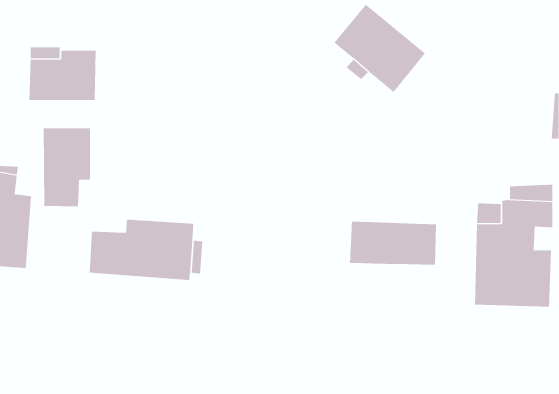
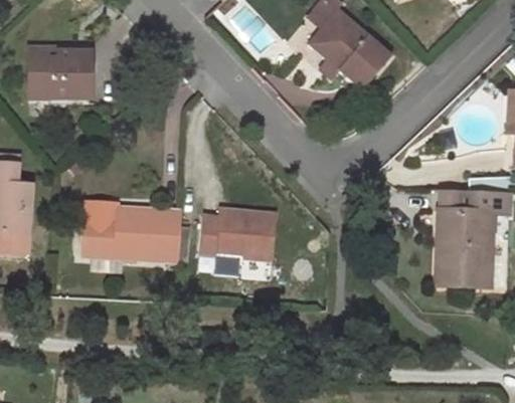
building: [43,127,90,207] -> none
building: [350,221,436,266] -> none
building: none -> [199,209,274,258]

